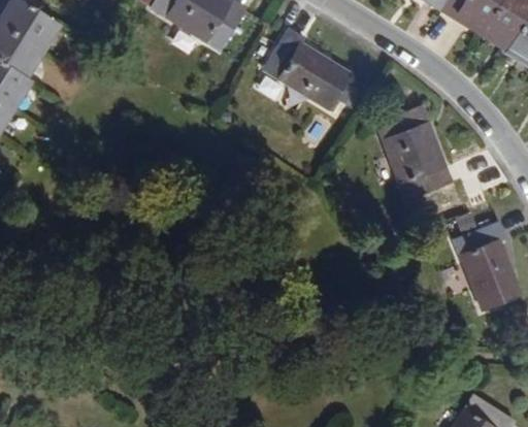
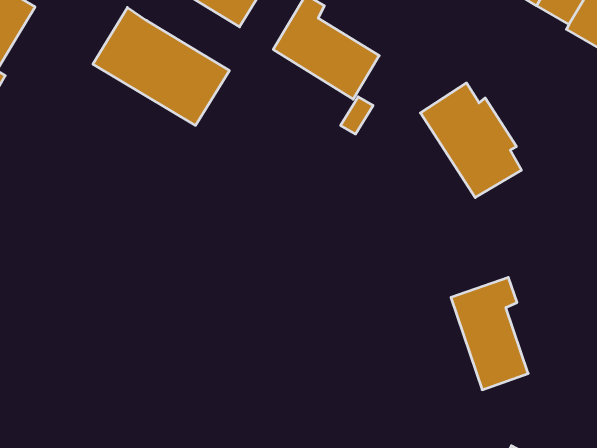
building: none -> [93,7,229,125]
building: [450,206,514,299] -> [451,277,528,390]

